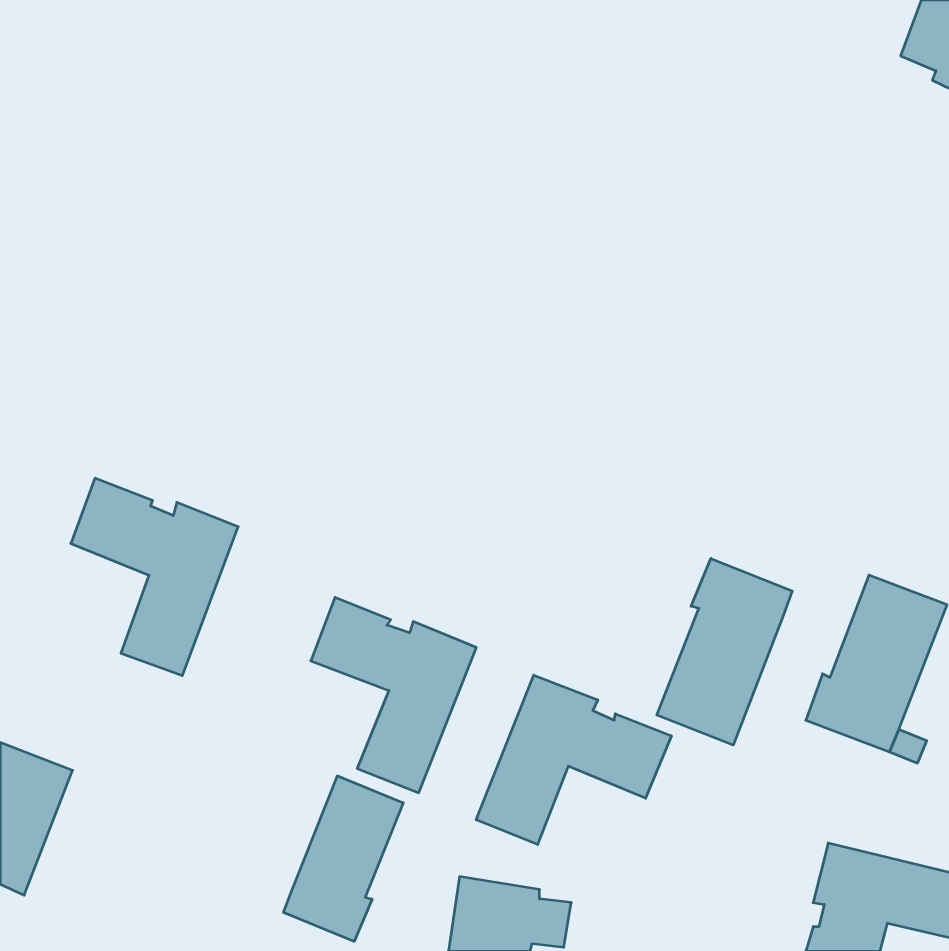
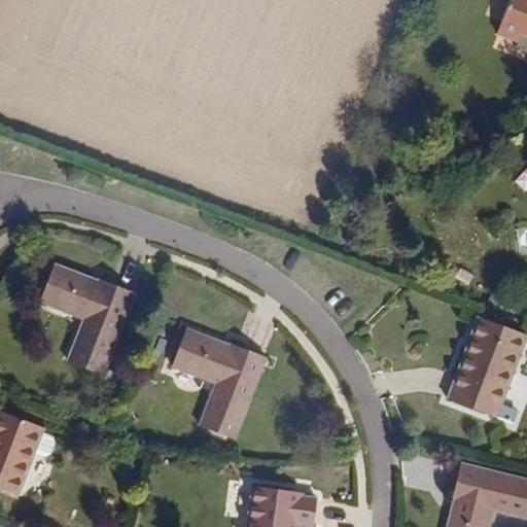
building: [657,558,792,745] -> none
building: [476,675,671,845] -> none
building: [284,776,403,941] -> none

